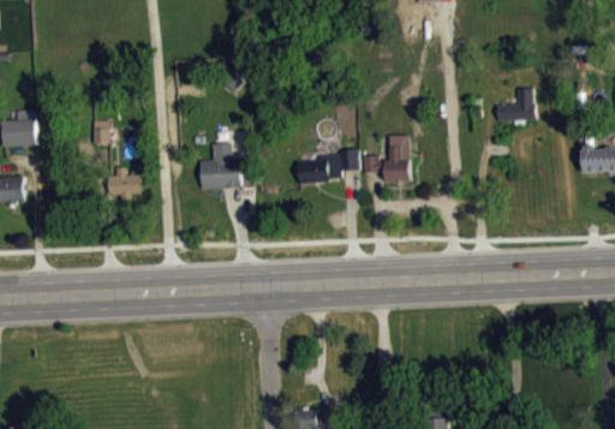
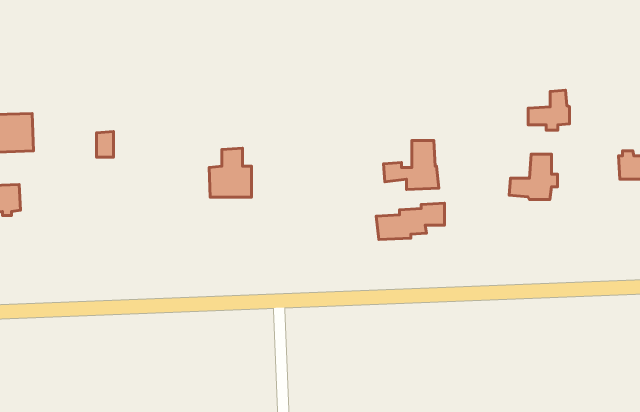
building: none -> [509,154,558,200]
building: [295,149,359,183] -> [376,203,445,239]
building: [97,166,141,199] -> none

